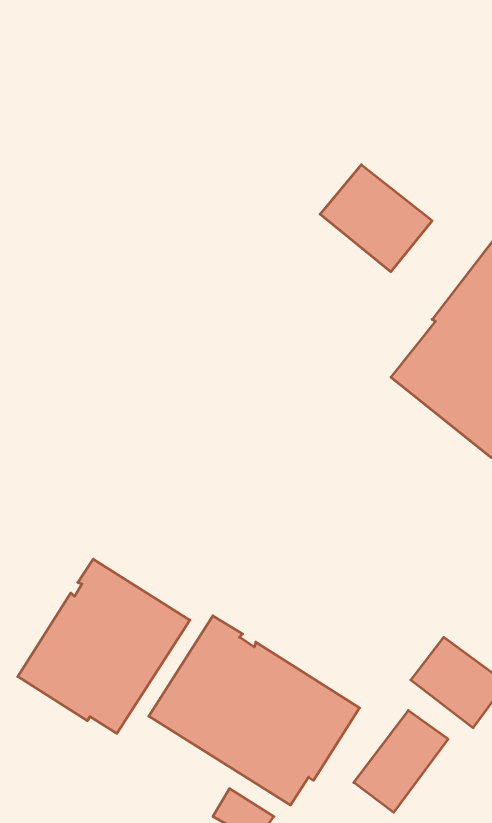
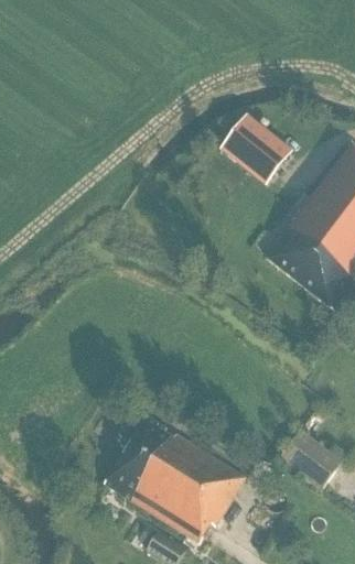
building: [18,559,190,733] -> none
building: [354,710,448,812] -> none

